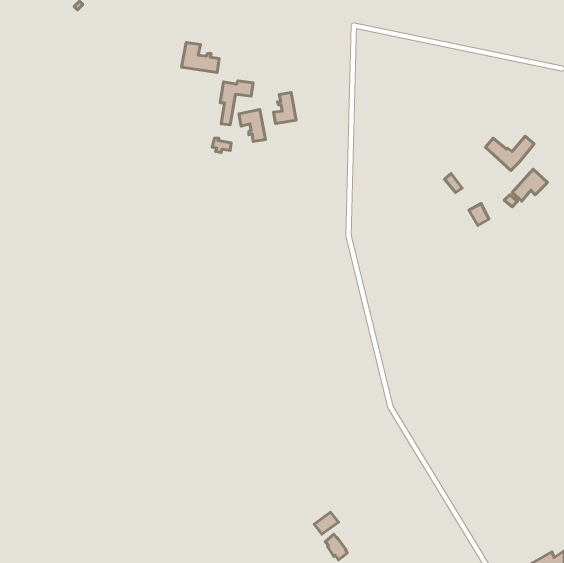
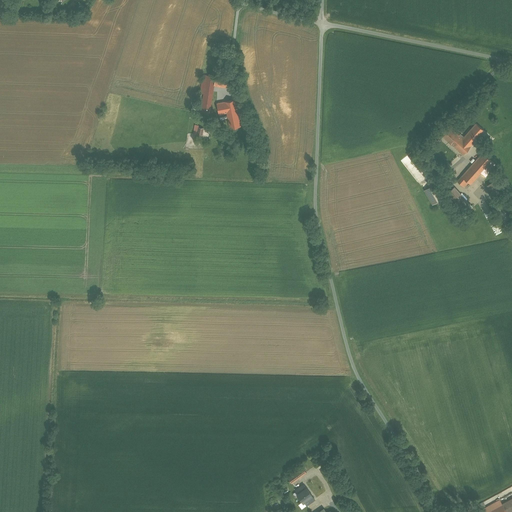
building: [182,42,219,73] -> none
building: [274,92,296,123] -> none

